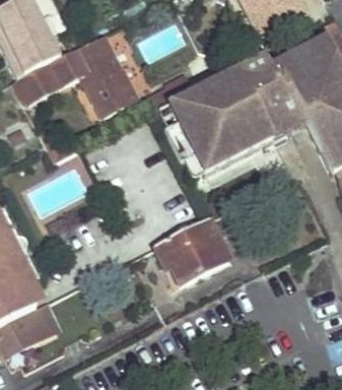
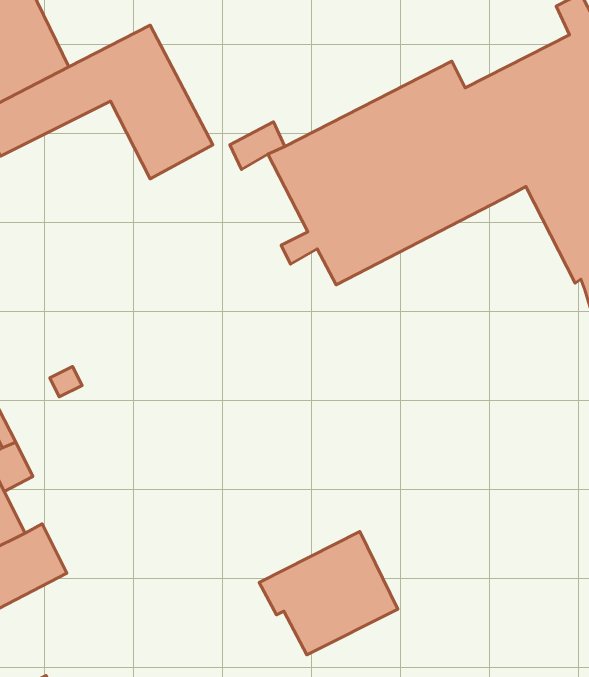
building: [154,219,228,285] -> [259,531,398,655]

